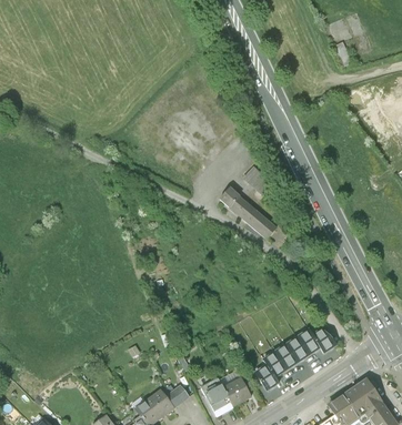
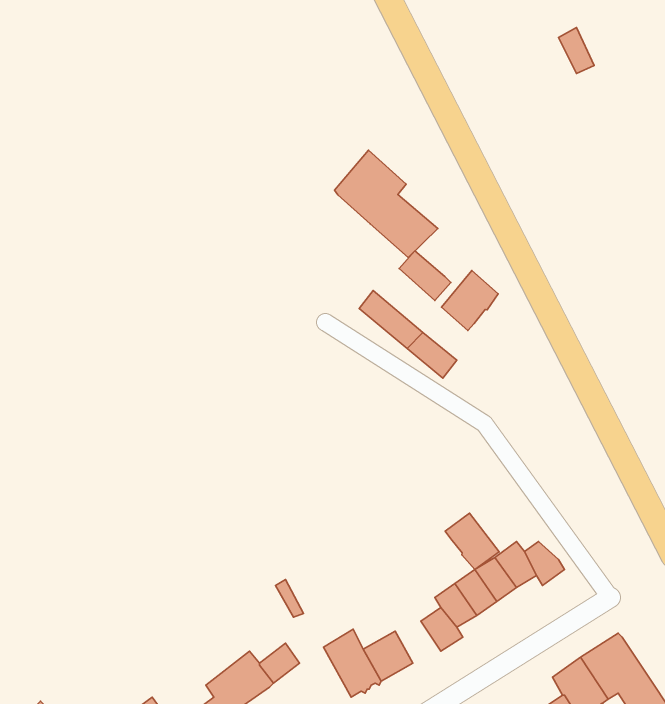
building: none -> [334,150,438,257]
building: none -> [441,270,498,331]
building: none -> [445,513,499,569]

